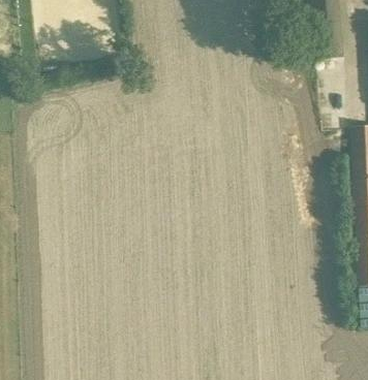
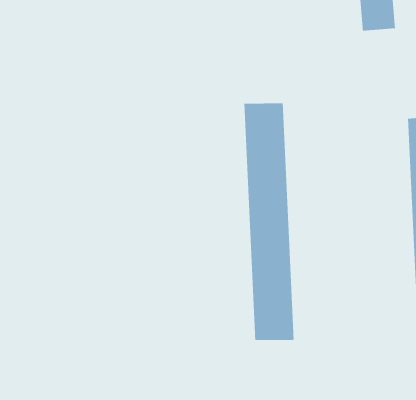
building: none -> [244,103,294,341]

